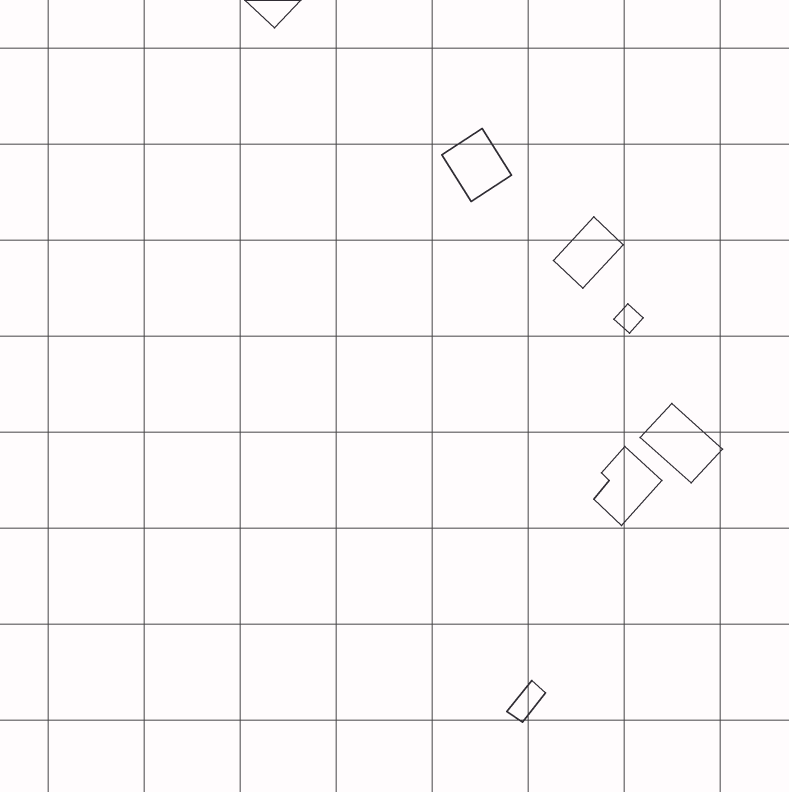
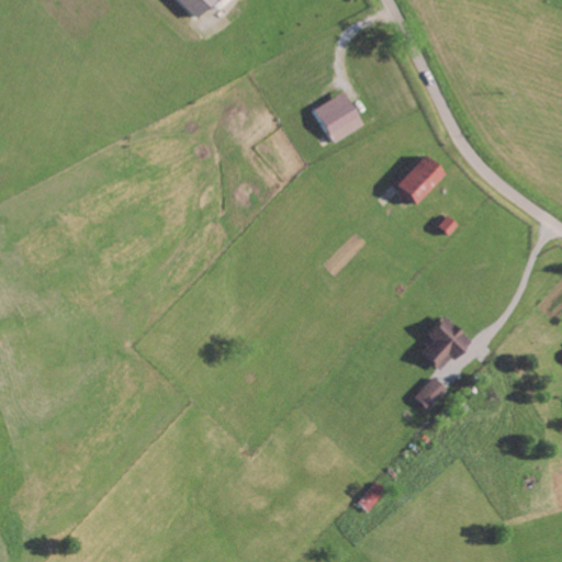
building: [640,404,723,483] -> none
building: none -> [416,378,449,411]

